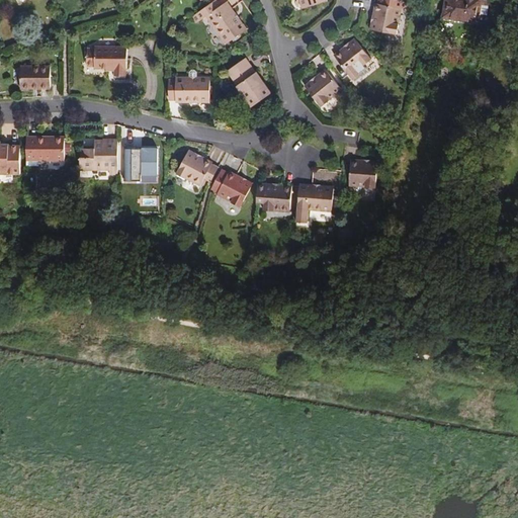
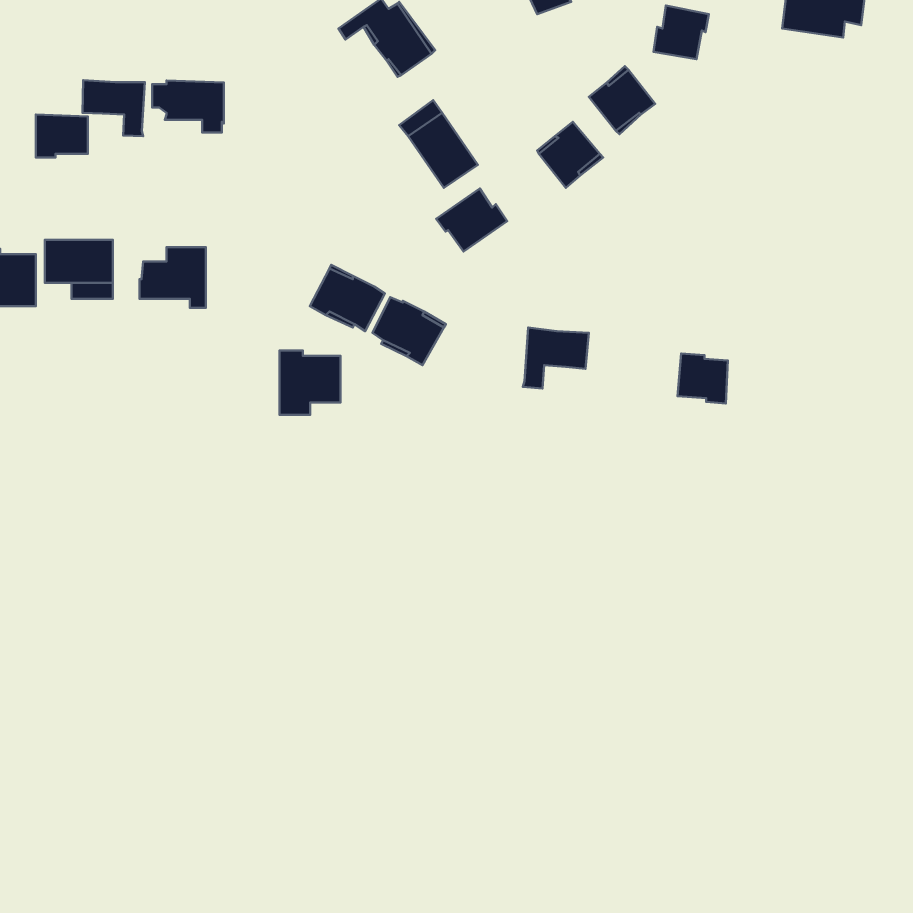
building: none -> [82,80,145,136]
building: [175,77,209,102] -> none
building: none -> [436,189,507,251]
building: [123,145,158,181] -> [280,350,340,415]
building: [348,159,376,187] -> [678,353,728,403]
building: [262,184,290,210] -> none

